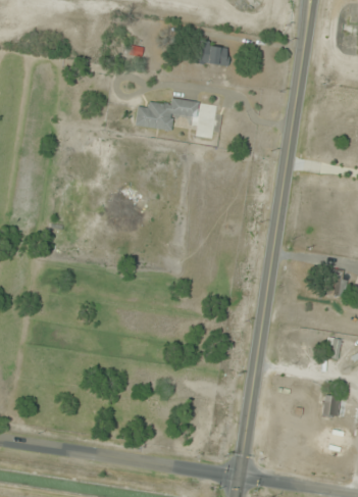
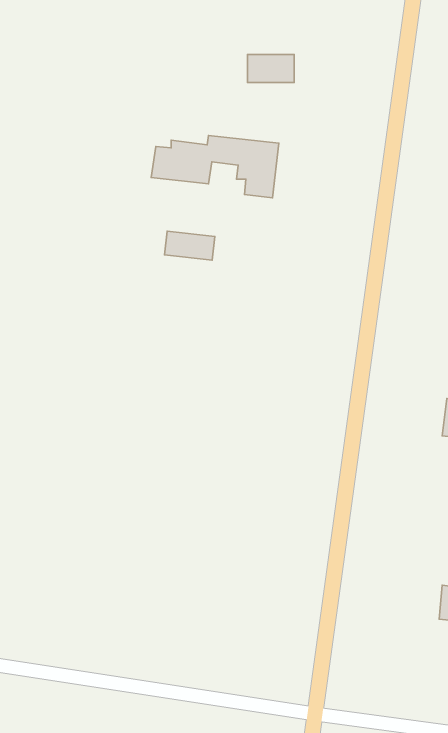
building: none -> [165,231,215,260]

